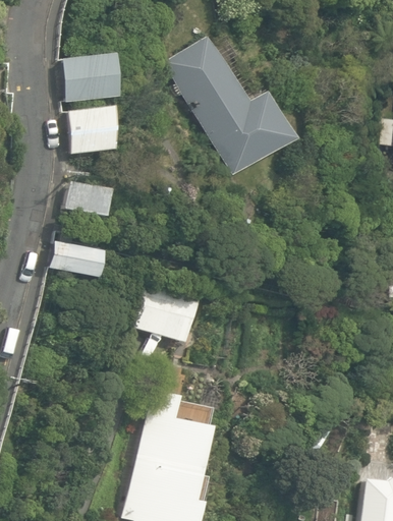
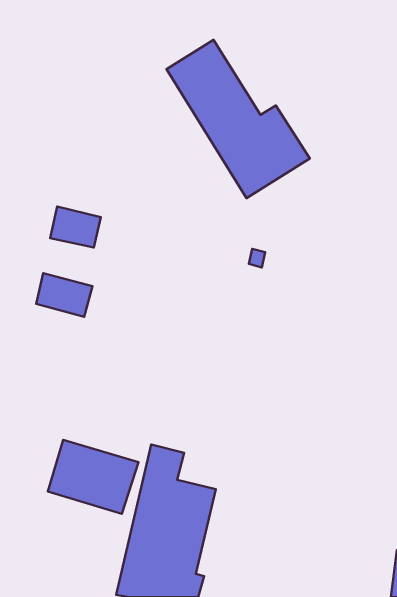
building: [63,55,110,102] -> none
building: [69,107,111,154] -> none
building: [123,278,202,342] -> [48,440,138,514]

